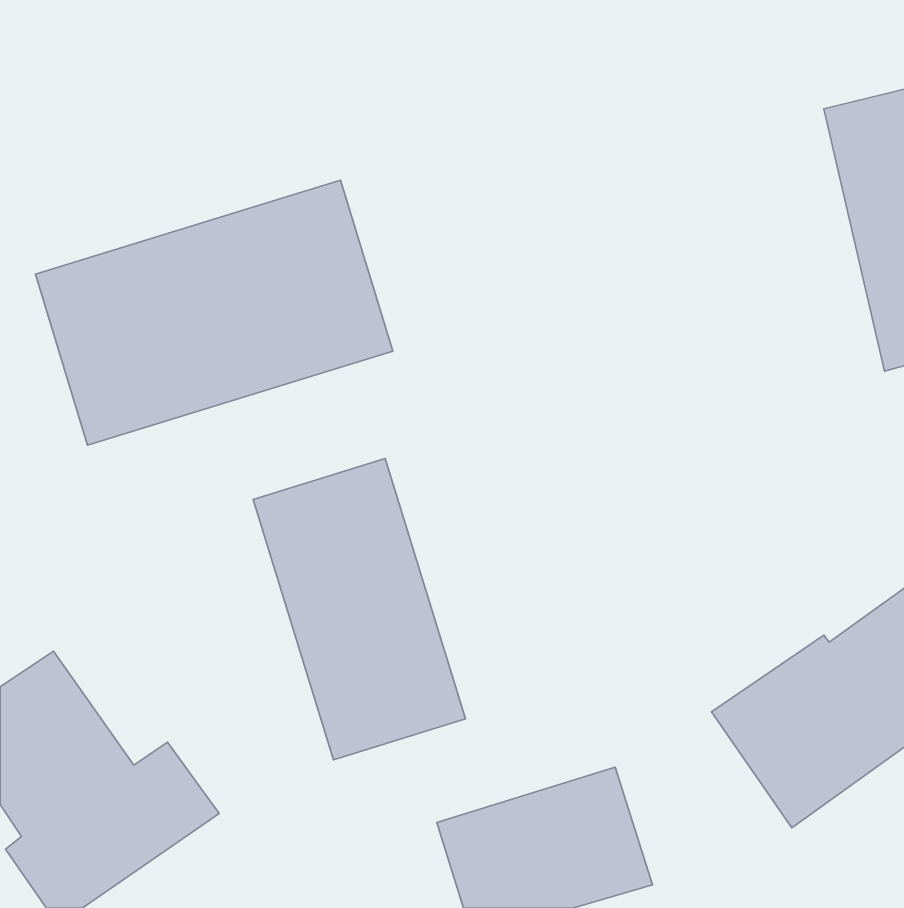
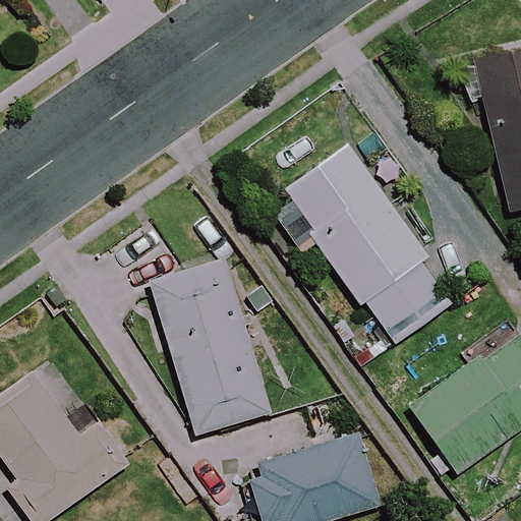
building: [35,180,393,445] -> none
building: none -> [285,144,457,343]

